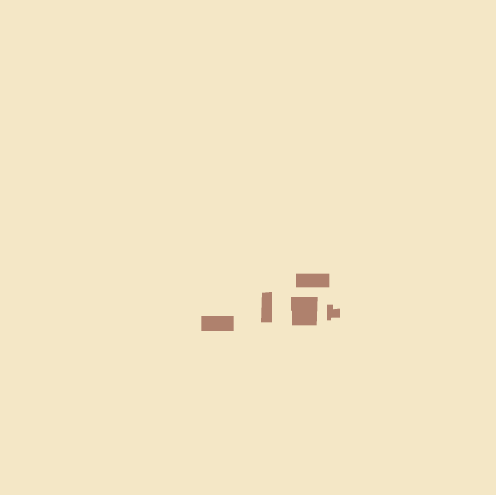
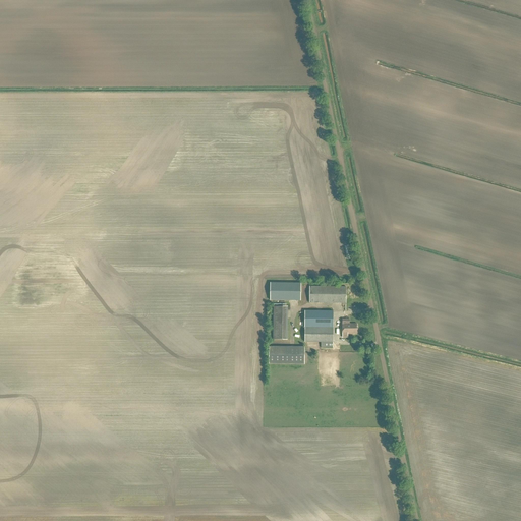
building: none -> [270,282,300,299]
building: [201,315,235,332] -> [269,346,304,363]

